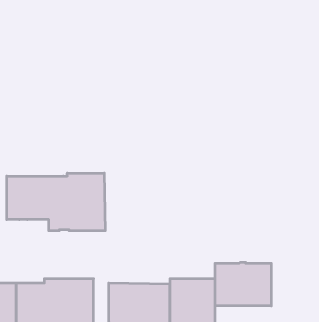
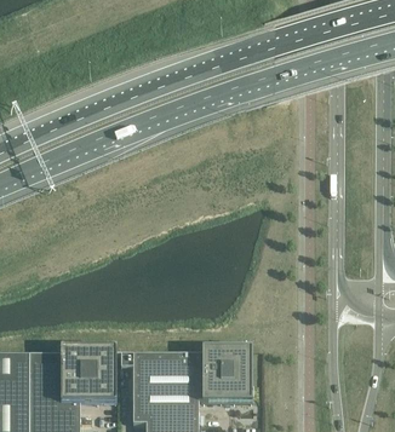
building: [7,173,105,231] -> none
building: [215,262,271,306] -> none

